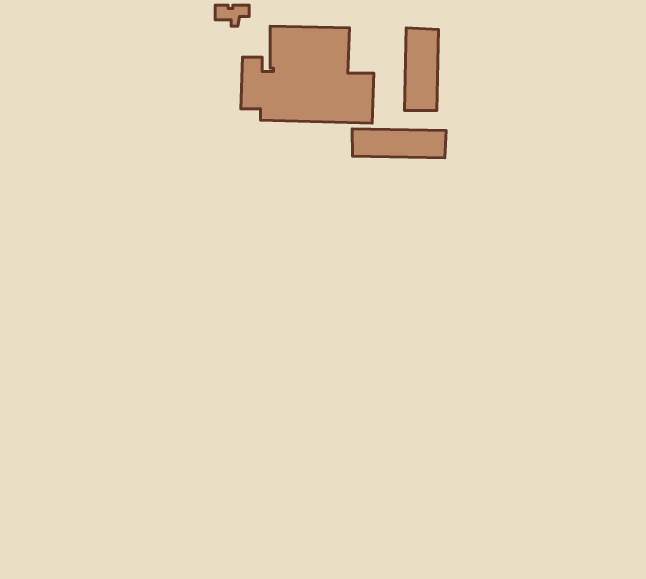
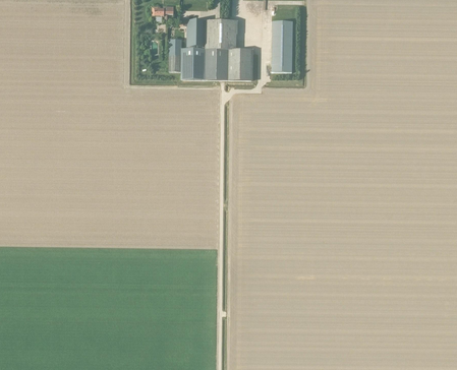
building: [352,129,446,158] -> none

